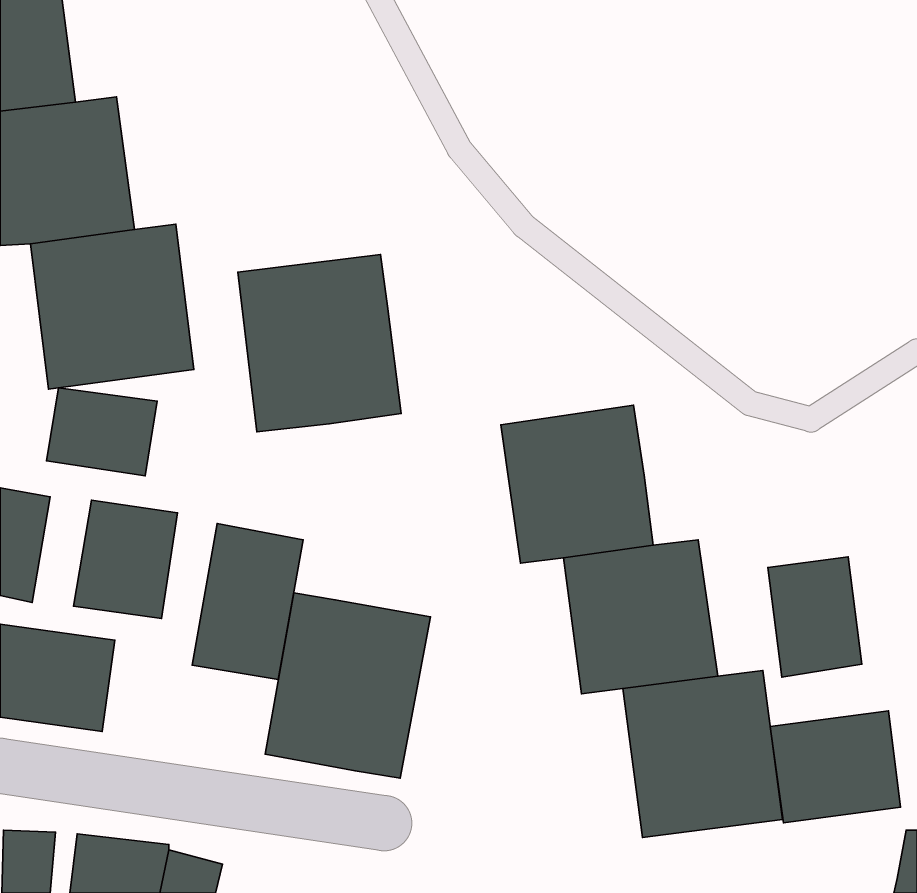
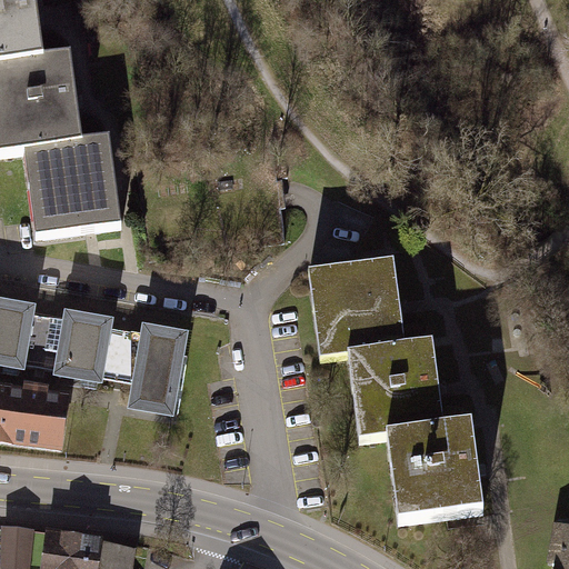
building: [238,255,401,432] -> none
building: [47,388,157,476] -> none
building: [768,557,862,677] -> none
building: [265,593,430,778] -> none
building: [770,711,900,823] -> none

